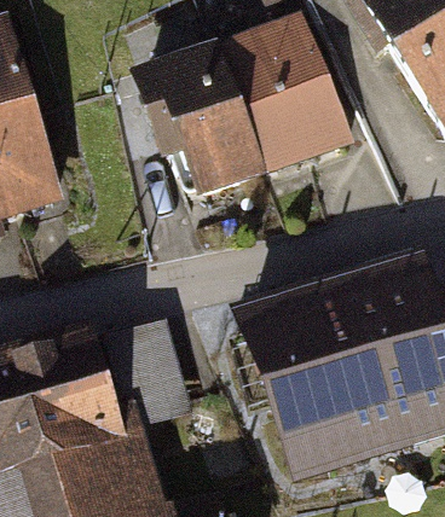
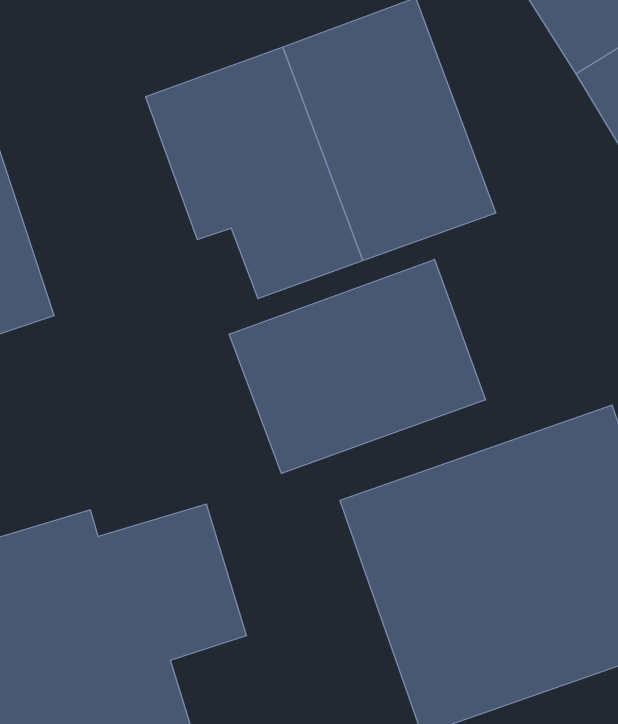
building: none -> [229,259,486,473]

